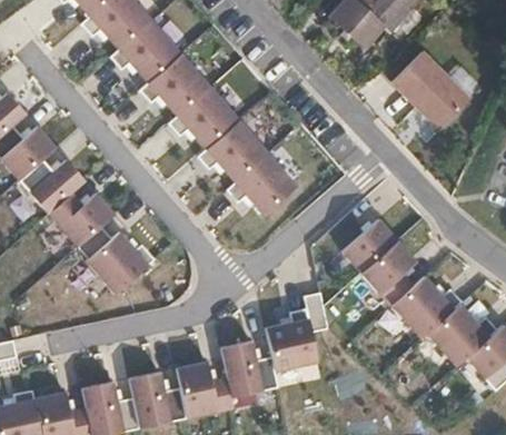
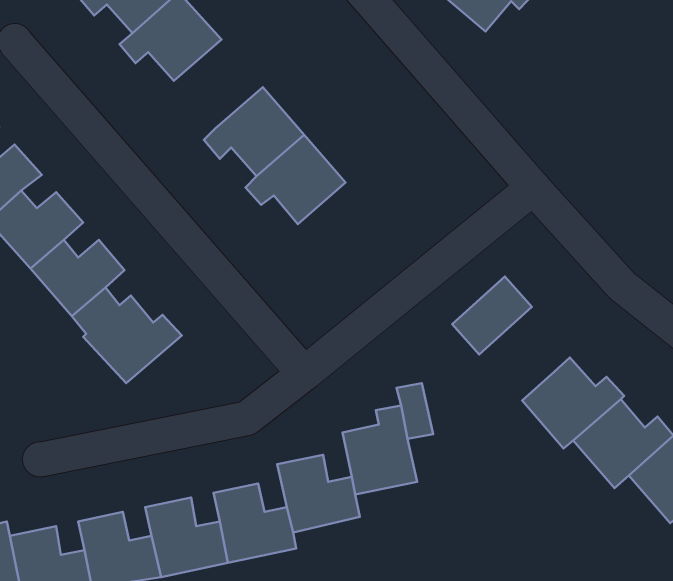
building: [394,51,472,129] -> none
building: [139,52,210,115] -> none
building: [227,152,298,215] -> none
building: [361,239,417,306] -> none

